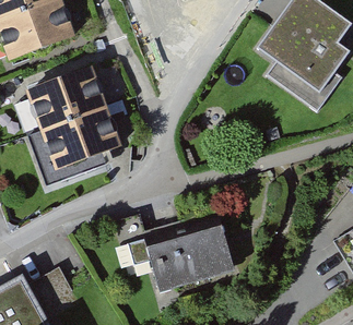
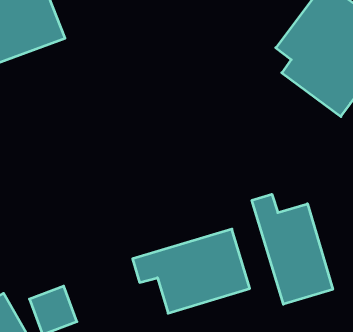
building: [25,67,119,171] -> none
building: none -> [252,194,333,304]

